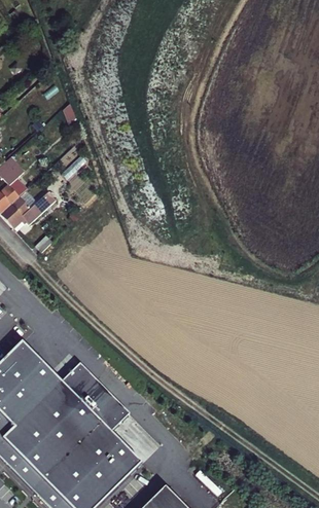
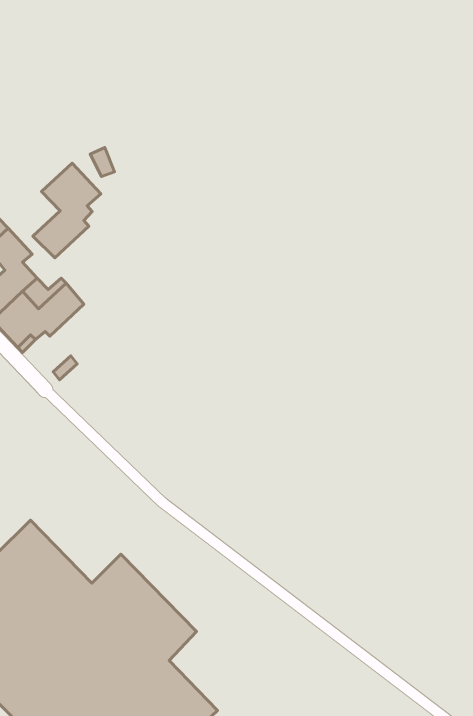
building: none -> [33,163,101,258]

